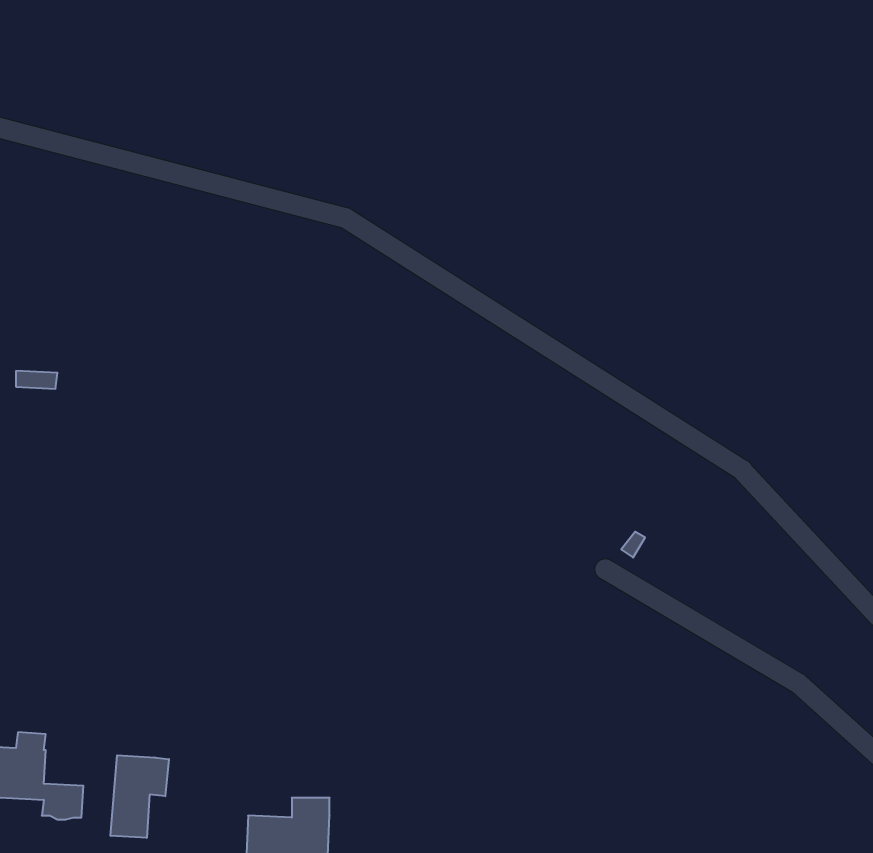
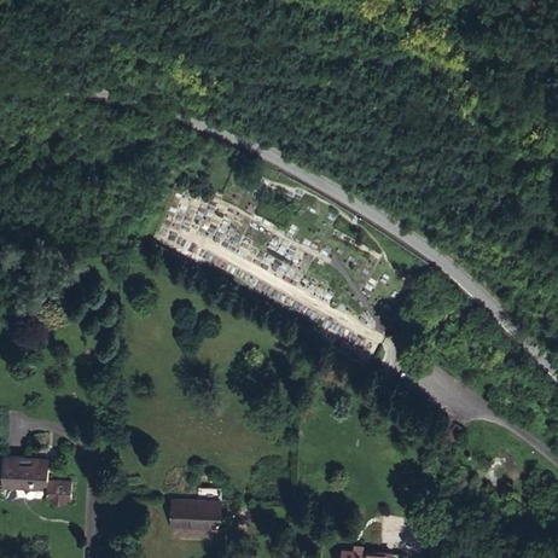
building: [111,755,169,838] -> none

